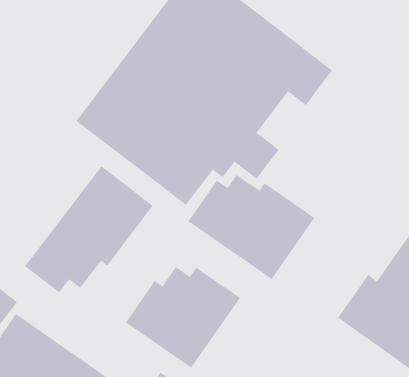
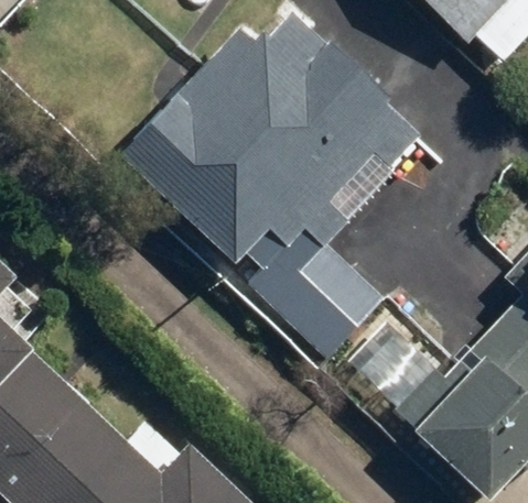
building: [24,166,154,293] -> none
building: [125,266,241,369] -> none

